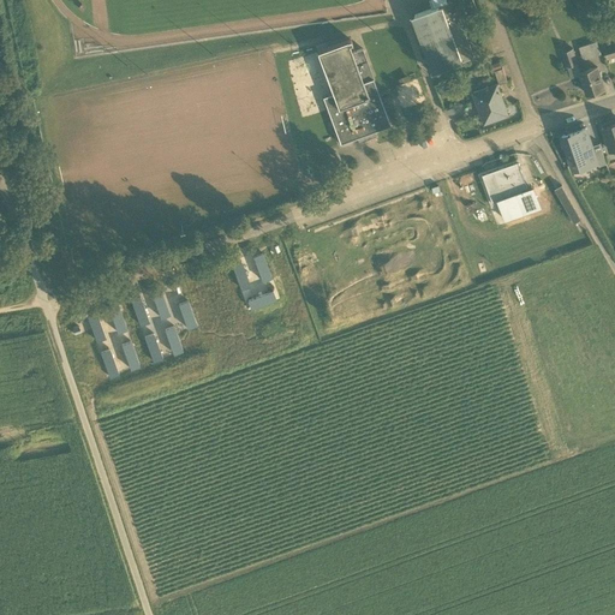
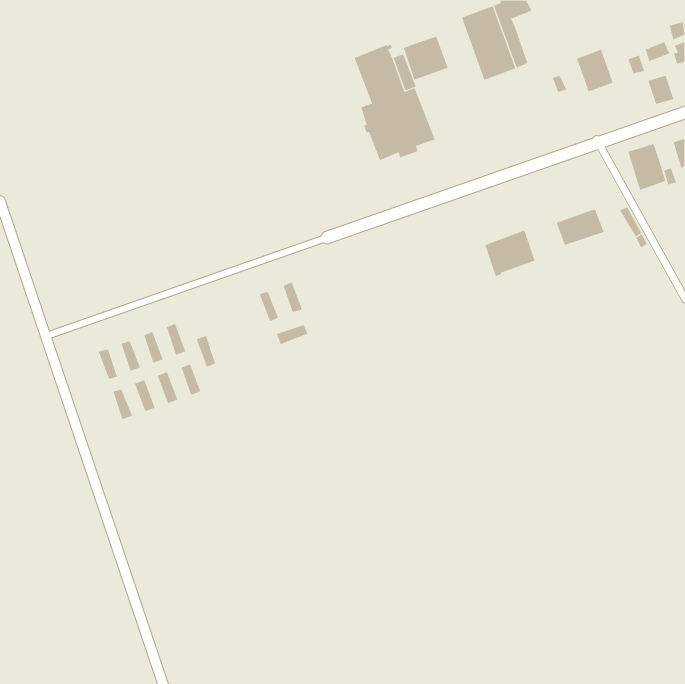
building: none -> [403,36,449,81]
building: [474,85,508,124] -> [576,49,614,92]
building: [483,162,529,204] -> [485,230,535,277]

